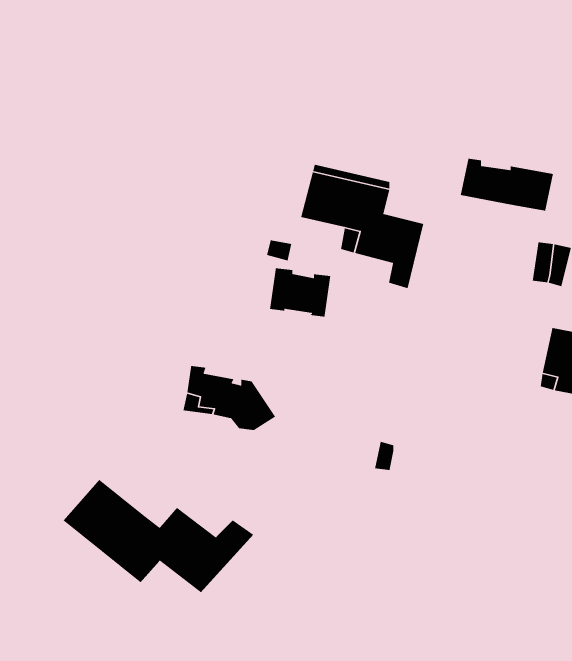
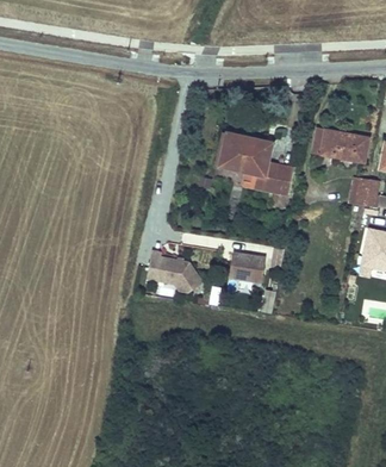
building: [269,268,331,317] -> [229,254,266,284]
building: [63,479,254,593] -> none

